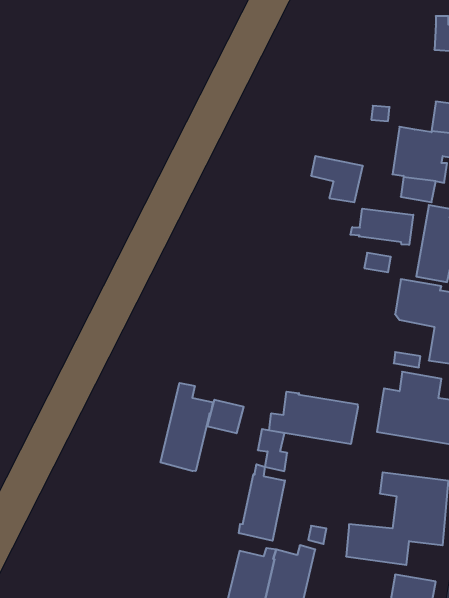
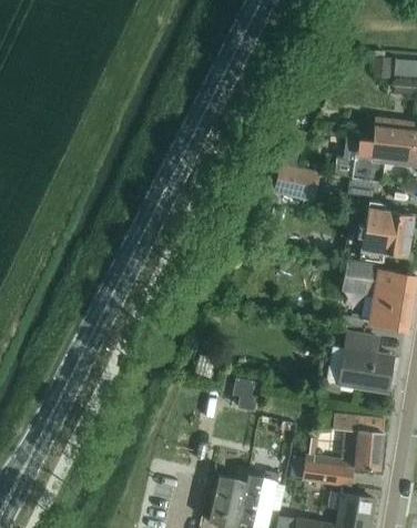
building: [350,209,413,245] -> none
building: [161,383,213,471] -> none
building: [269,392,358,444] -> none
building: [239,464,285,541] -> none

